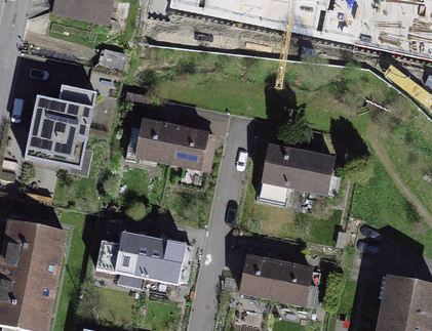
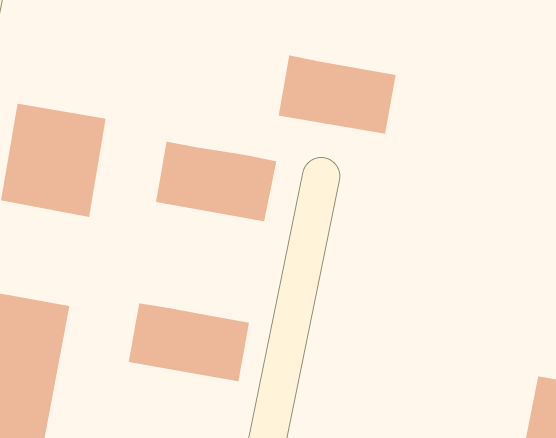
building: [258,142,338,196] -> [278,55,397,134]
building: [233,250,315,304] -> none

